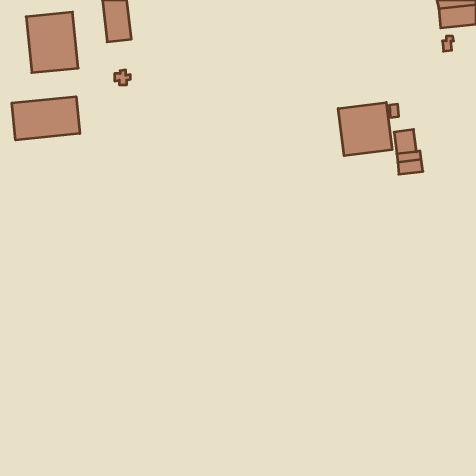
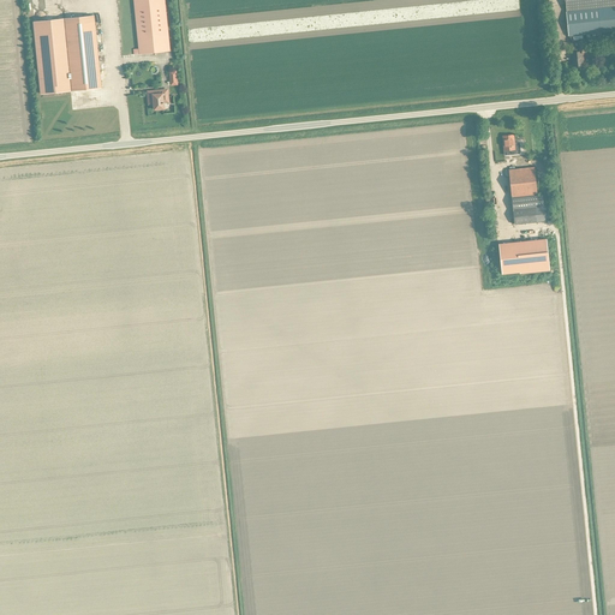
building: [12,97,80,140] -> none
building: [338,102,392,156] -> none
building: none -> [498,239,549,274]

